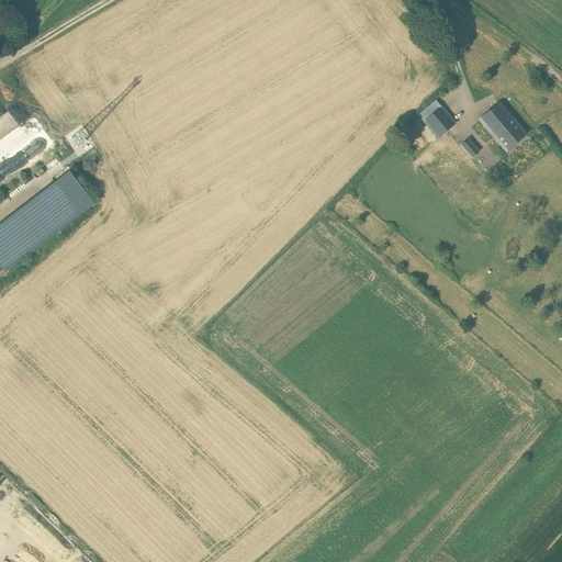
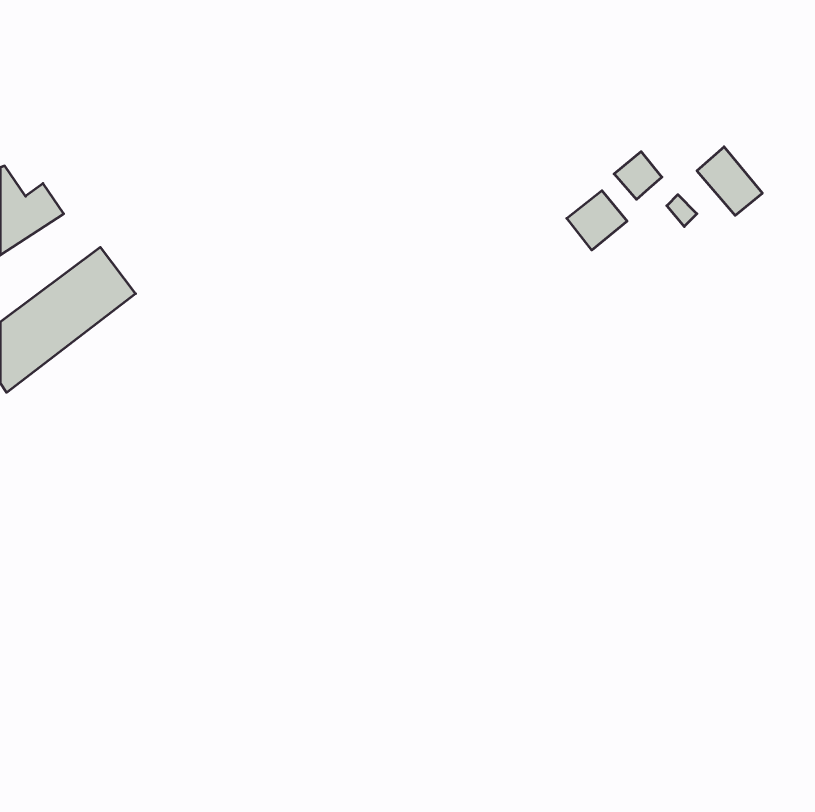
building: none -> [567,191,627,250]

